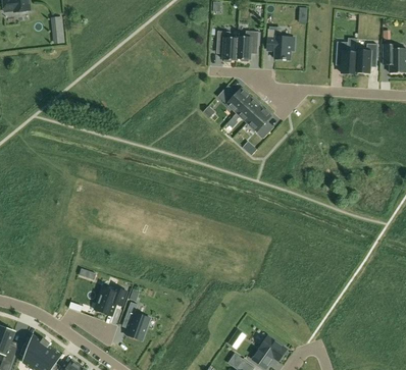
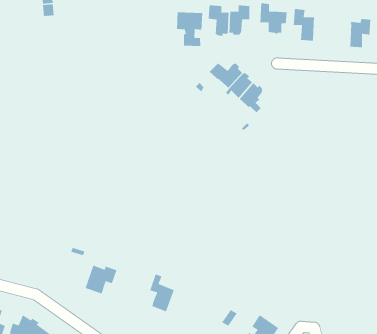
building: none -> [176,12,203,47]
building: [336,42,357,74] -> [293,8,315,41]
building: [124,302,150,340] -> [149,273,175,313]

